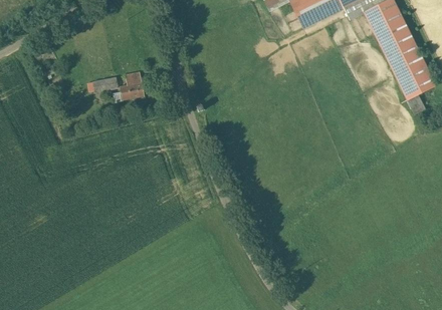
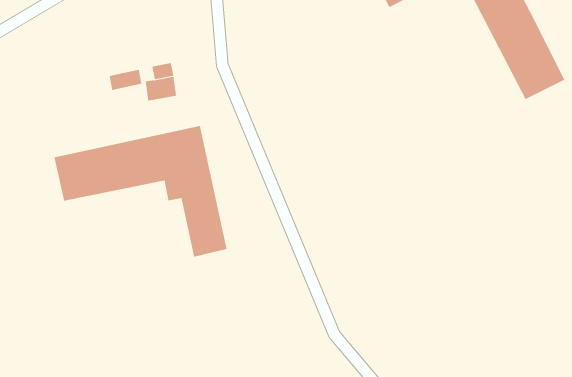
building: none -> [54,125,227,257]

